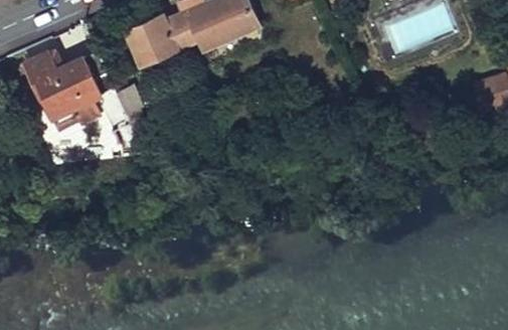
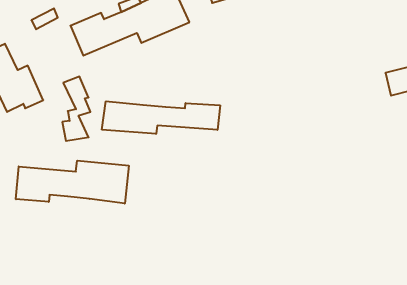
building: none -> [102,101,220,134]
building: none -> [16,161,129,204]

